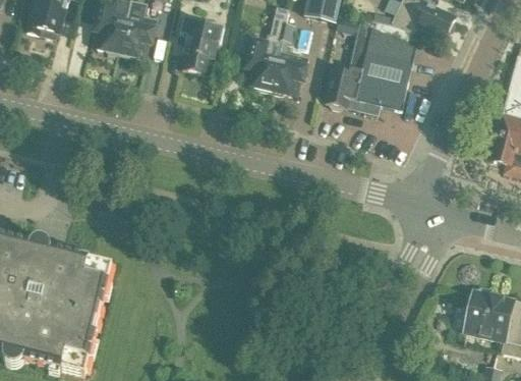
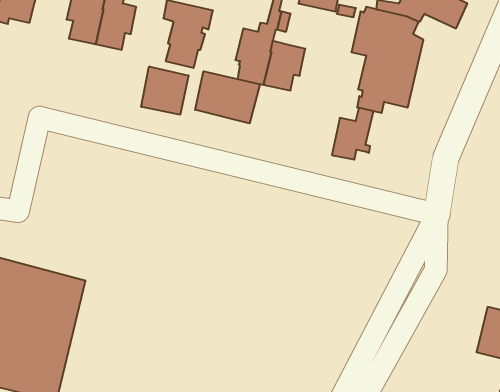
building: [327,60,364,107] -> [332,108,374,160]
building: none -> [141,66,189,115]
building: none -> [195,71,260,123]

